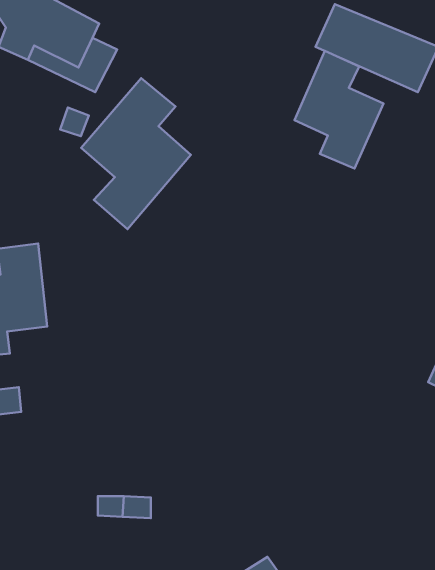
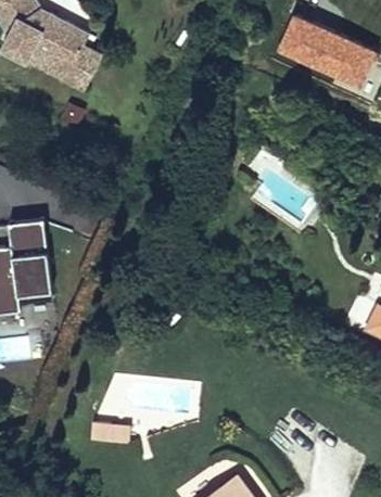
building: [295,51,383,168] -> none
building: [81,78,191,229] -> none

